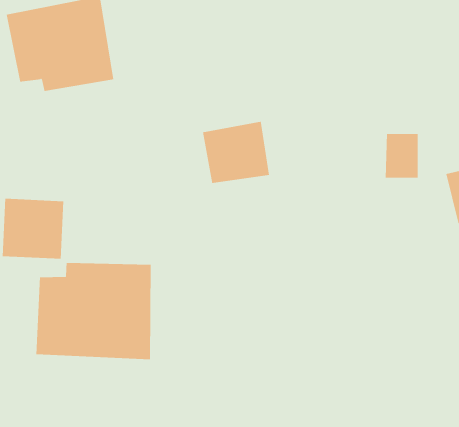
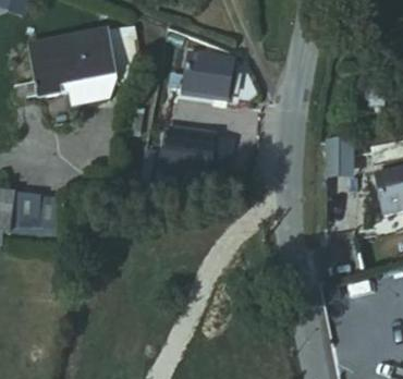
building: none -> [183,50,234,97]
building: [36,262,151,360] -> none

